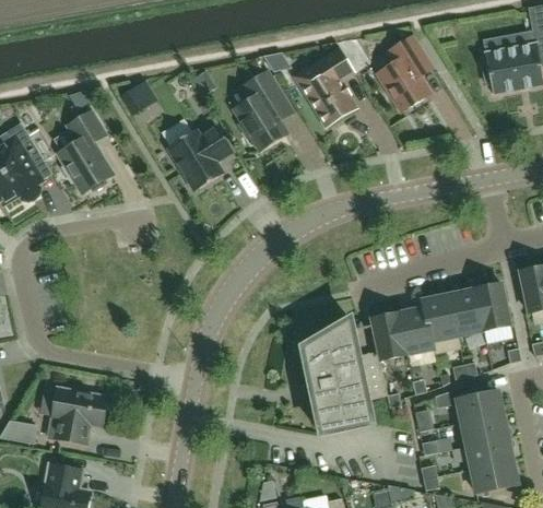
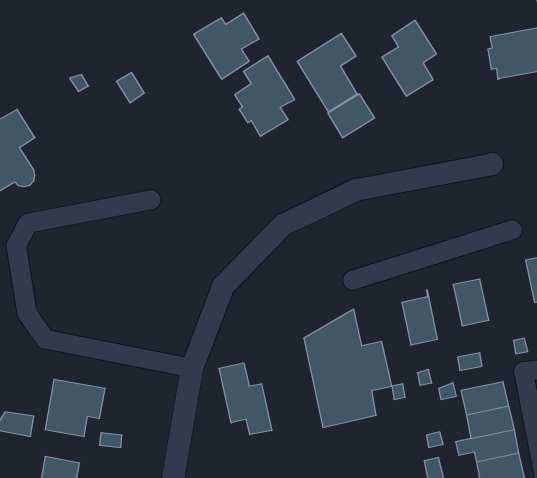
building: none -> [328,94,375,138]
building: [58,110,111,191] -> none
building: [167,126,232,190] -> [194,13,259,79]
building: [474,283,509,330] -> none
building: [423,295,457,348] -> none
building: [371,312,406,359] -> none
building: none -> [219,363,272,435]

